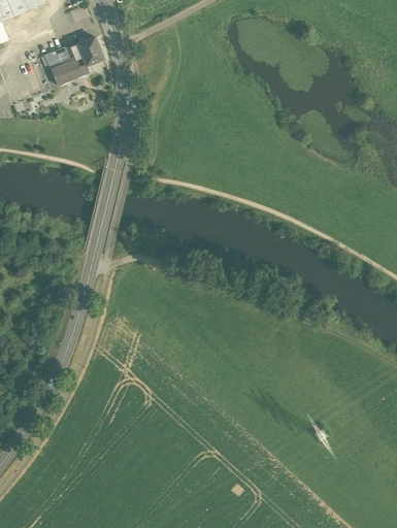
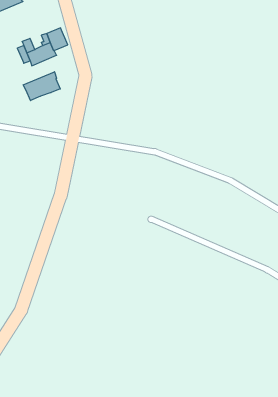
building: none -> [23,72,60,101]

